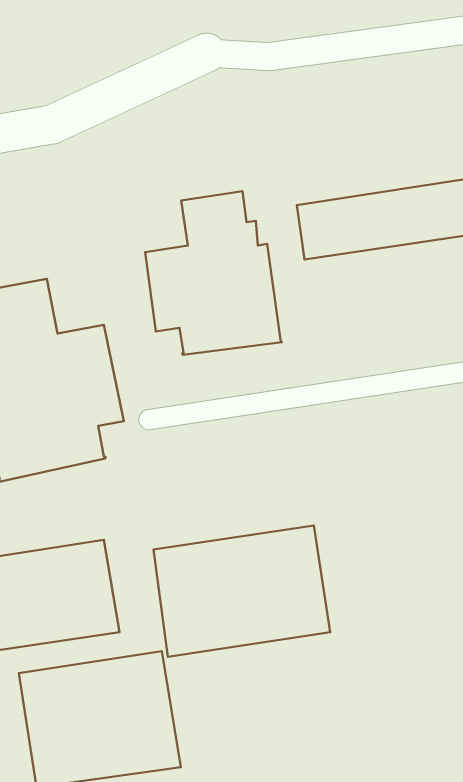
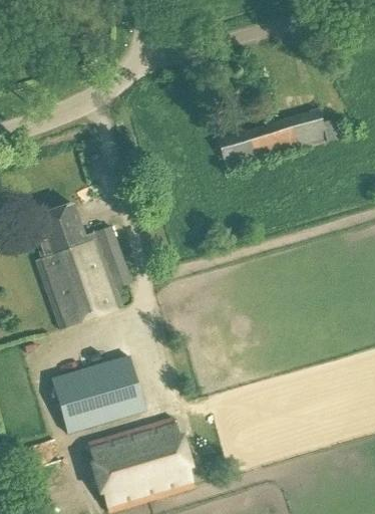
building: [145,191,282,355] -> none
building: [154,526,330,657] -> none

